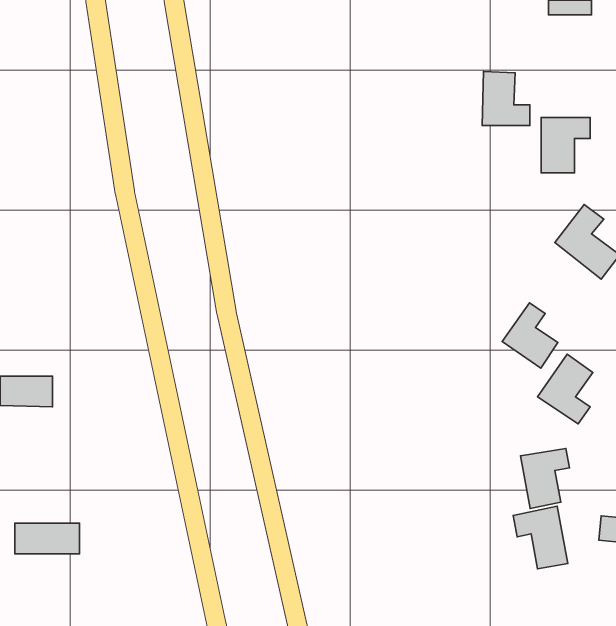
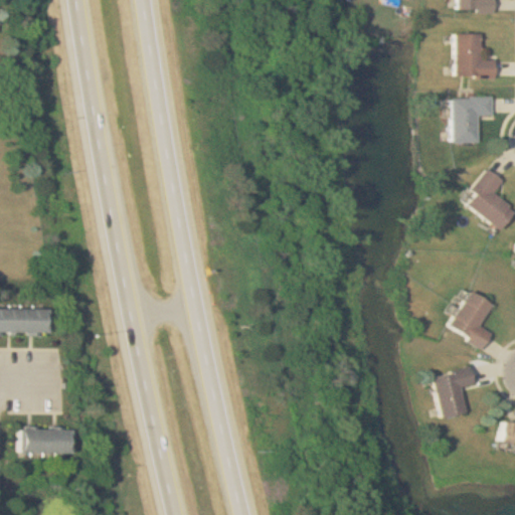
building: [482,72,530,126] -> [456,32,495,76]
building: [502,303,558,368] -> none
building: [513,506,568,569] -> none

